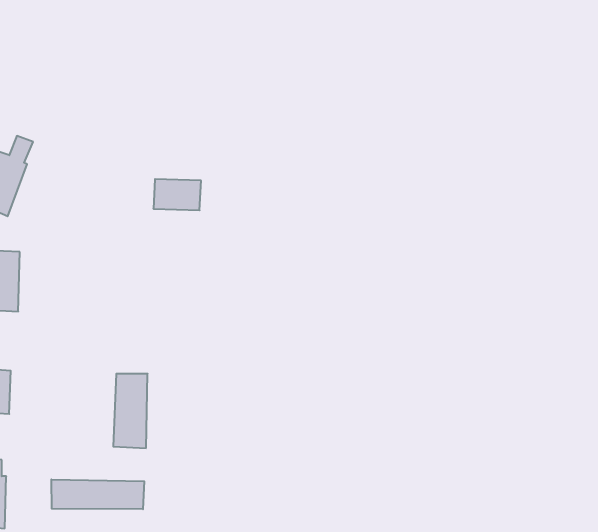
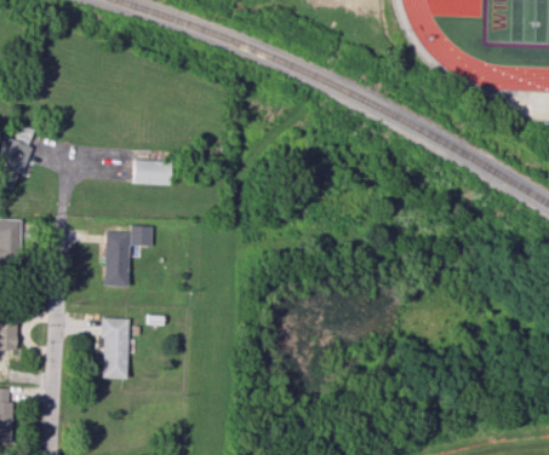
building: none -> [103,225,153,287]
building: [51,479,144,509] -> none

